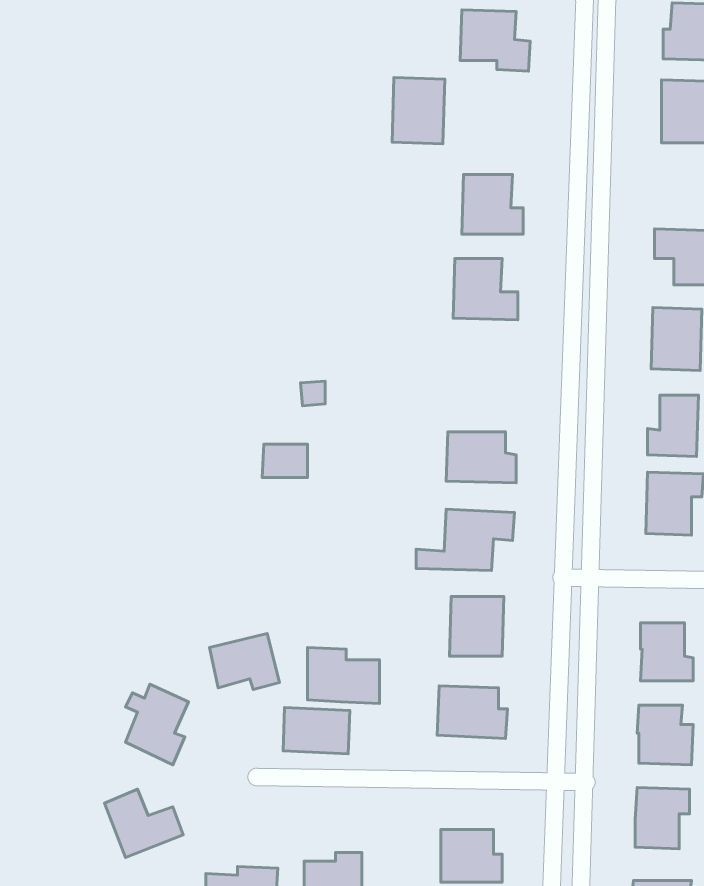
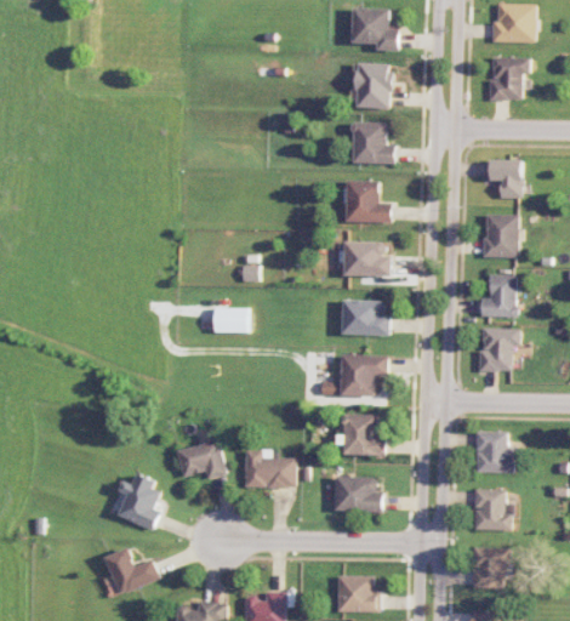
building: [392,77,445,144] -> [355,63,392,109]
building: none -> [343,241,391,277]
building: [283,707,350,754] -> none

